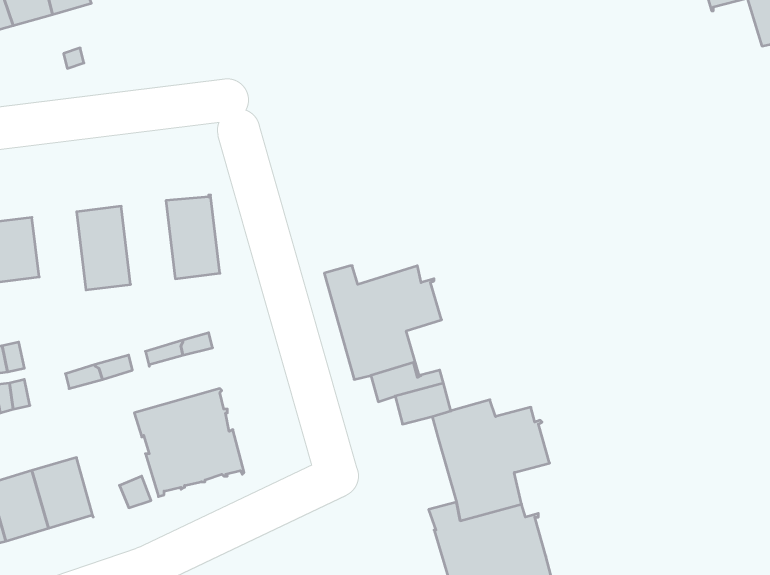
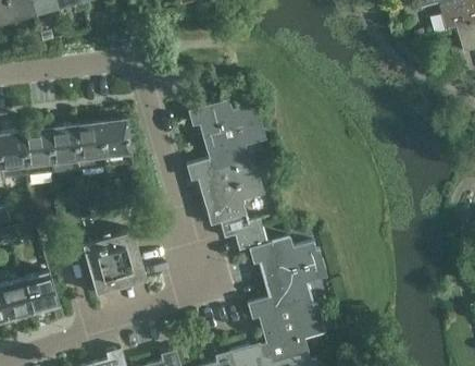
building: none -> [193,100,263,171]
building: none -> [74,122,105,171]
building: none -> [22,129,53,178]

